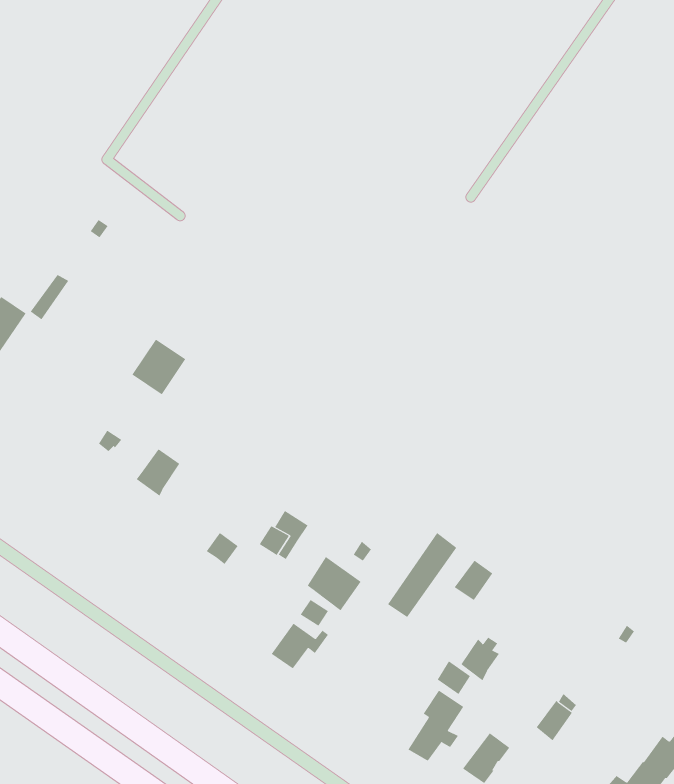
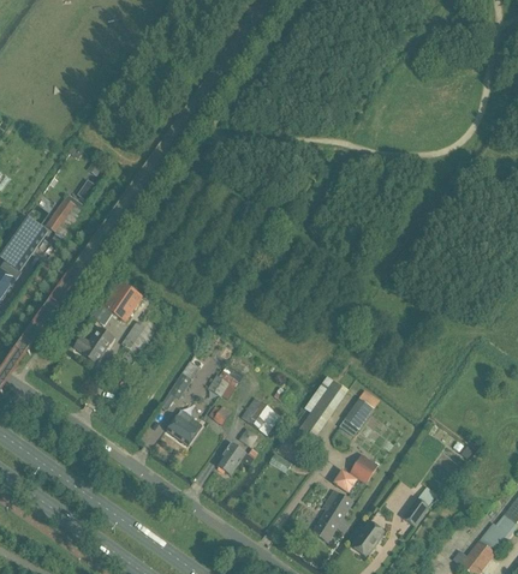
building: [131,339,186,395] -> [103,281,142,321]
building: none -> [75,327,114,363]
building: none -> [167,414,201,443]

